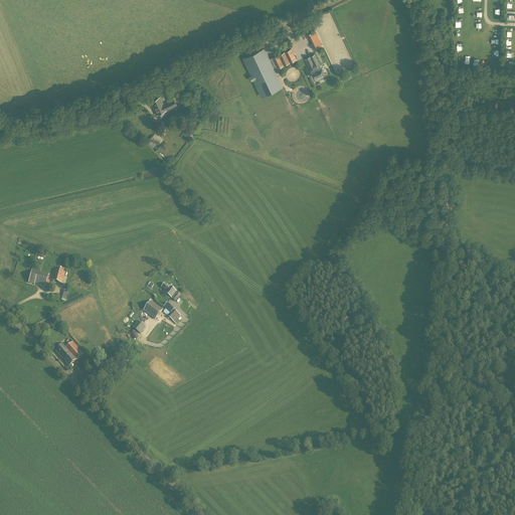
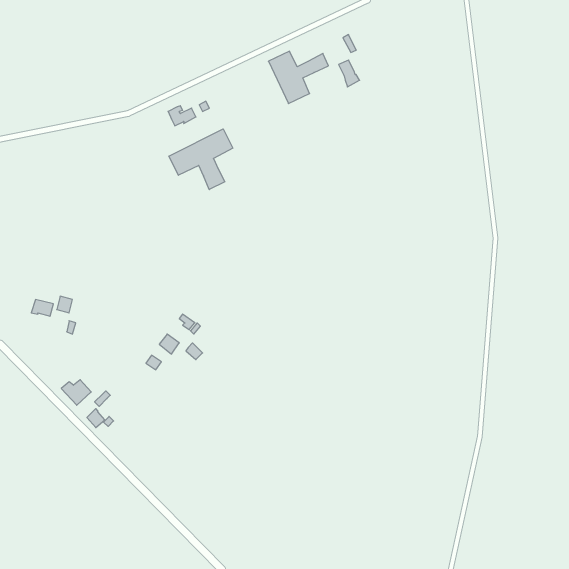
building: none -> [169,129,233,190]

